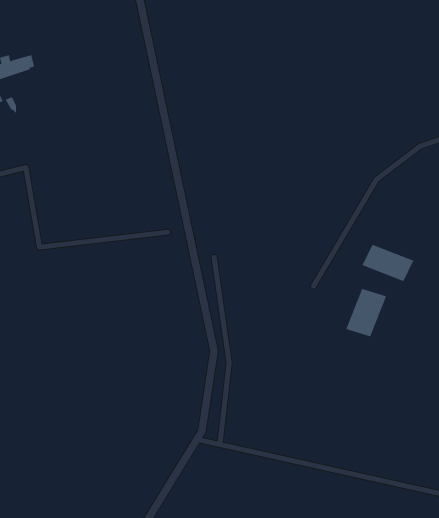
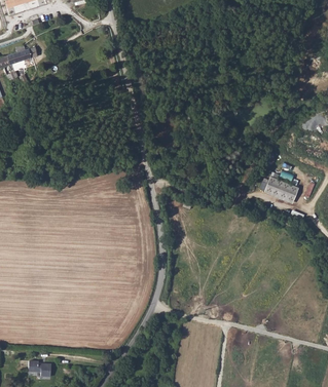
building: [346,288,387,337] -> none

